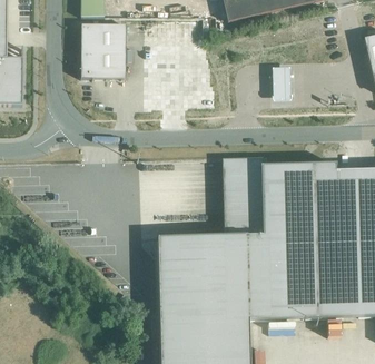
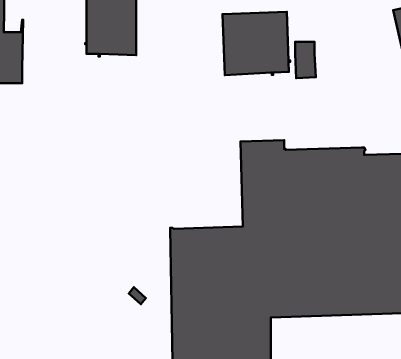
building: none -> [223,12,290,75]

